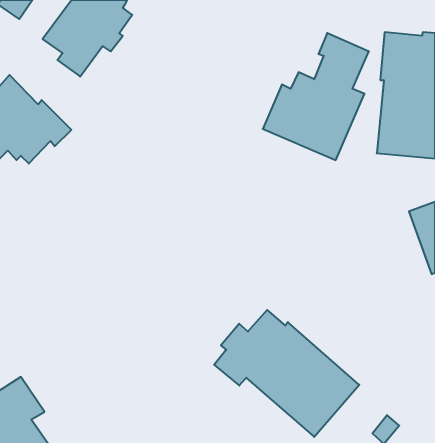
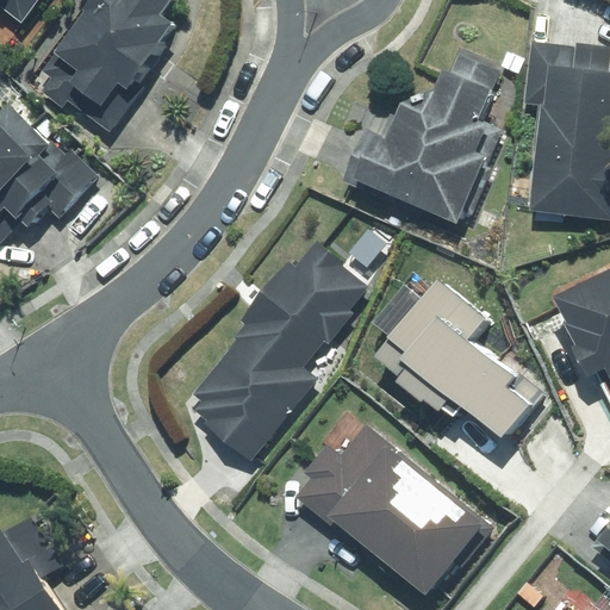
building: none -> [185,247,366,462]
building: none -> [375,279,543,436]

